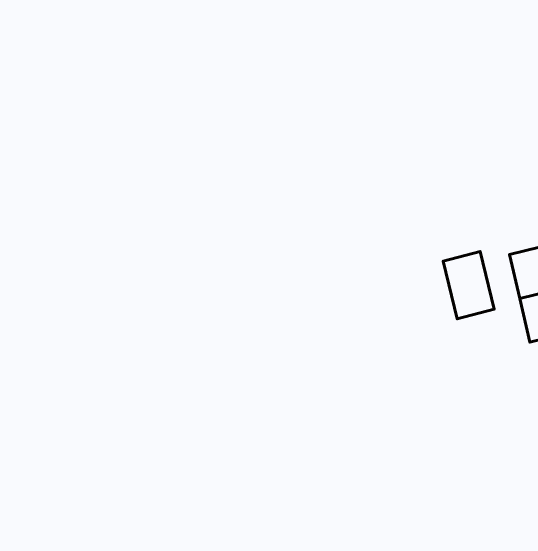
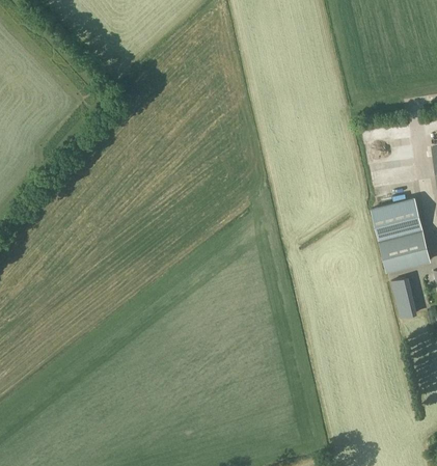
building: [443,252,494,319] -> none

